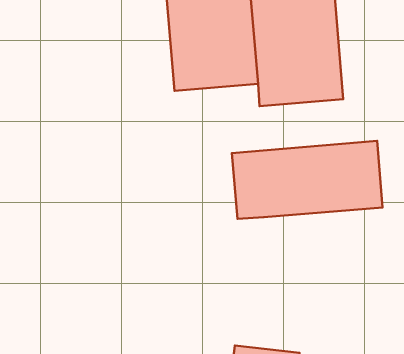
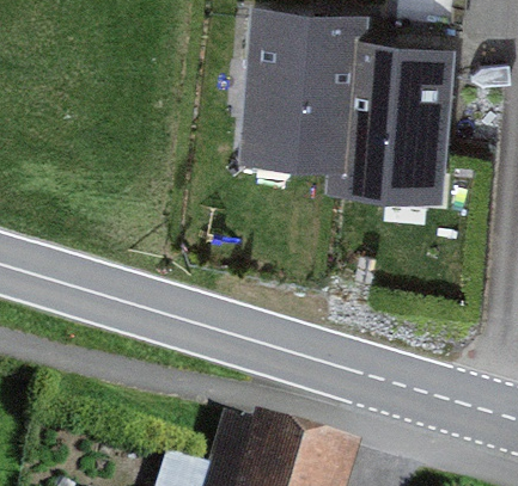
building: [232,141,383,219] -> none

